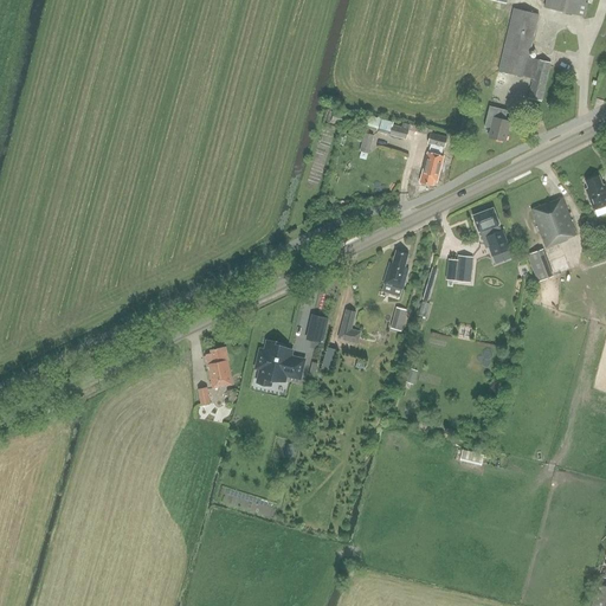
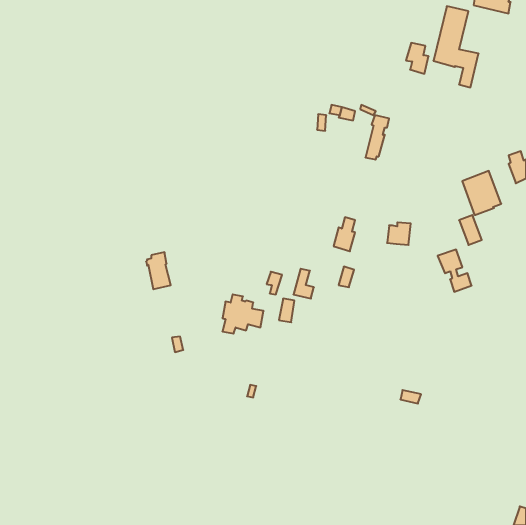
building: [484,105,510,141] -> [406,43,429,74]
building: [472,207,511,256] -> [438,250,472,292]
building: [205,346,233,388] -> [146,252,171,289]

